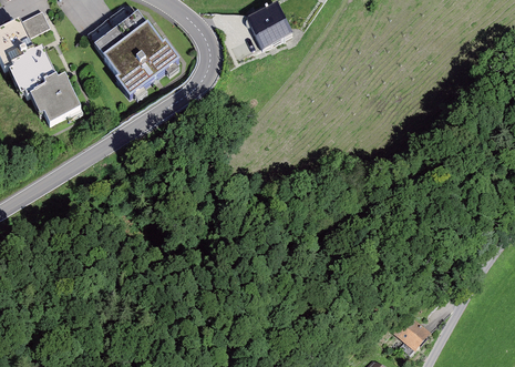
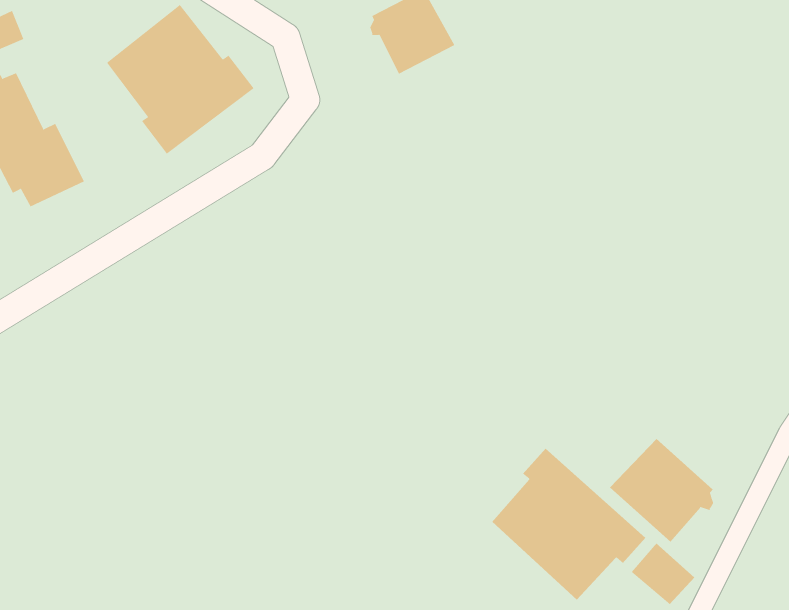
building: none -> [609,438,714,543]
building: none -> [491,448,646,600]

